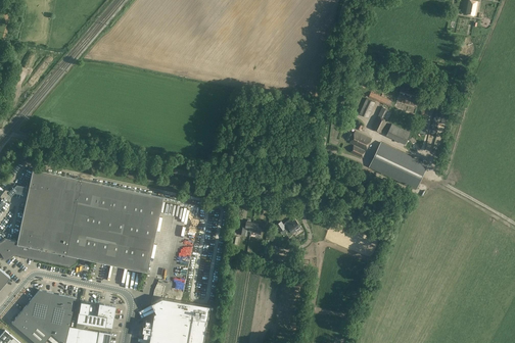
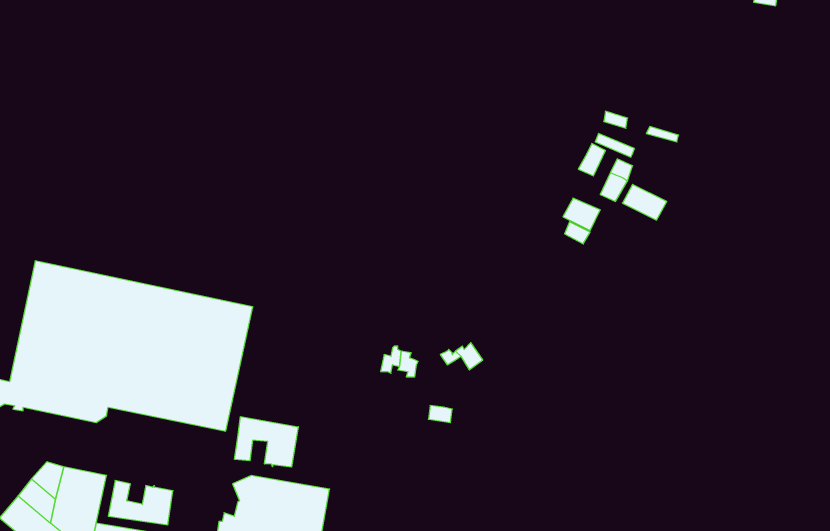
building: [369,143,427,189] -> none
building: none -> [235,417,298,467]

